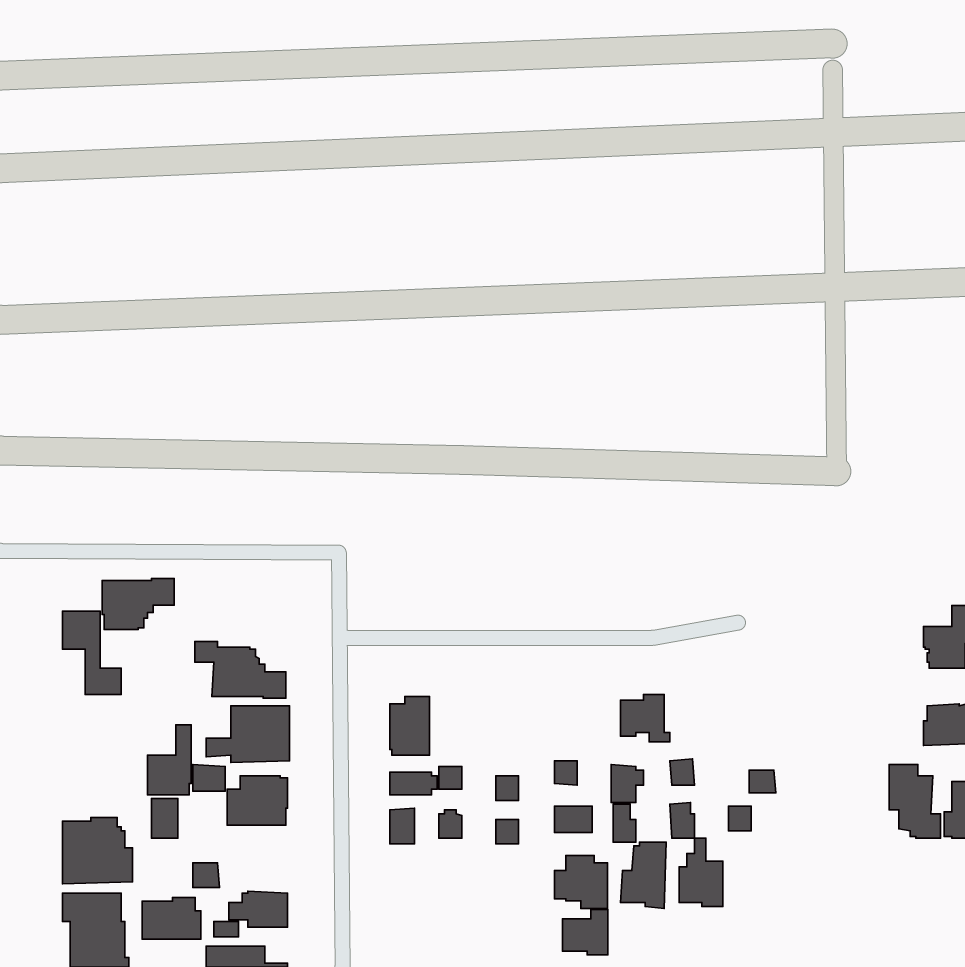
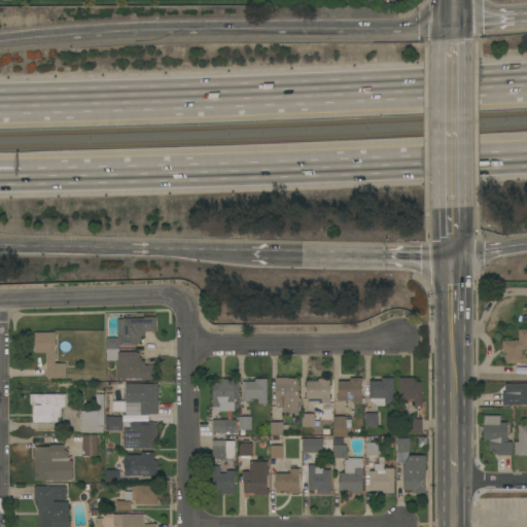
building: [102,579,174,630] -> [117,317,156,345]
building: none -> [276,378,300,412]
building: none -> [370,378,394,406]
building: none -> [399,378,422,407]
building: none -> [243,379,268,403]
building: none -> [307,379,330,403]
building: none -> [31,394,66,422]
building: none -> [403,456,426,493]
building: none -> [242,462,270,495]
building: none -> [213,466,236,494]
building: [142,897,201,939] -> [126,453,157,476]
building: [563,909,608,955] -> [275,468,300,493]

